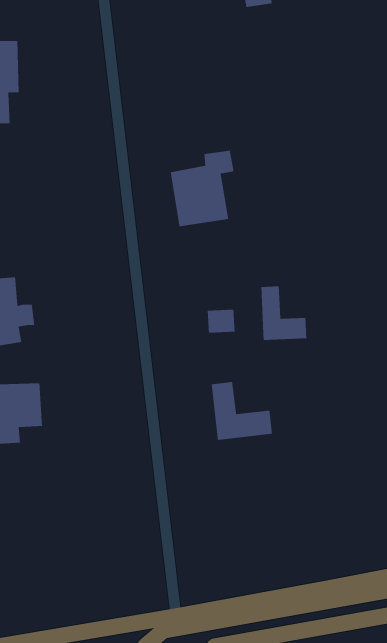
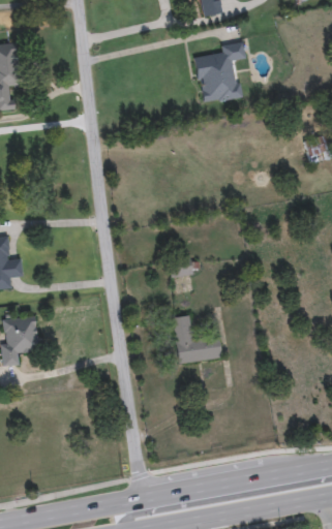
building: [170,150,234,227] -> [192,41,244,103]
building: [260,285,307,341] -> none

